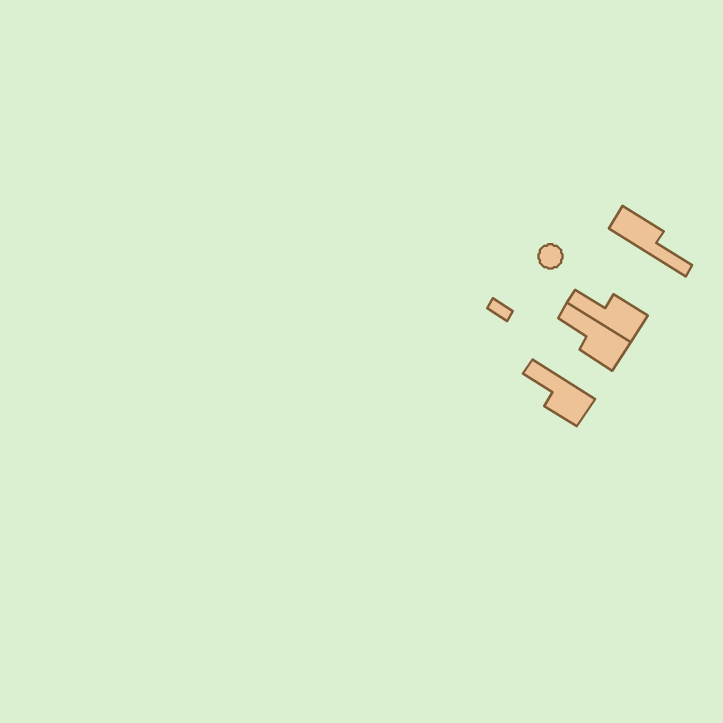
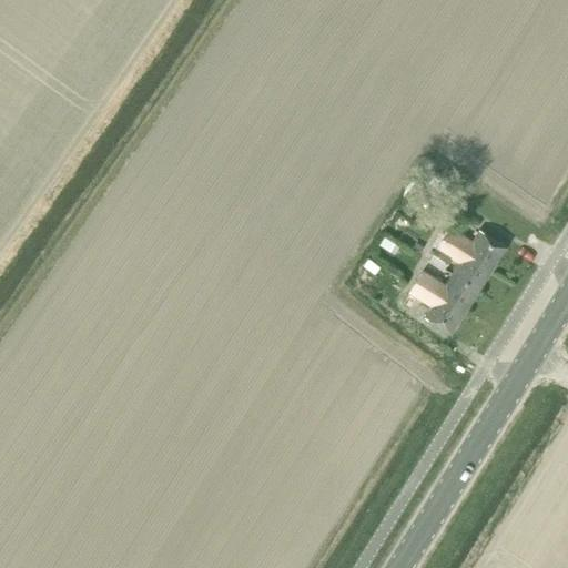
building: [609,206,692,276] -> none
building: none -> [418,270,480,312]

